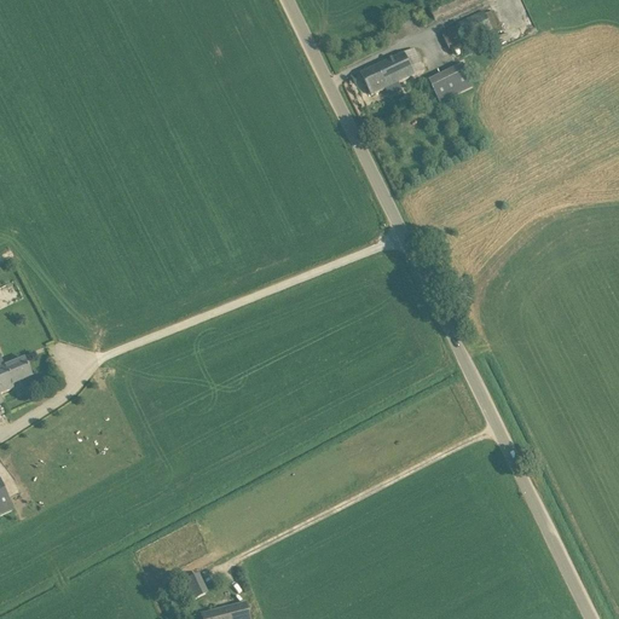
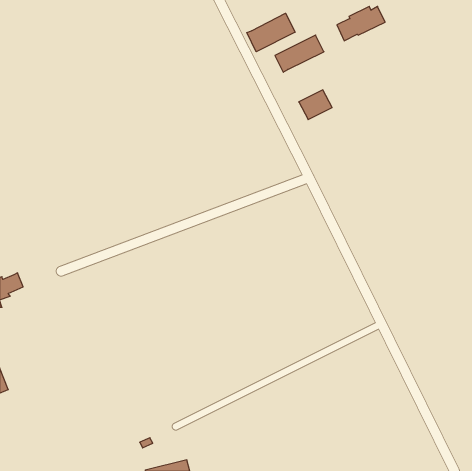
building: none -> [247,13,295,52]
building: [428,64,472,103] -> [299,90,332,120]

